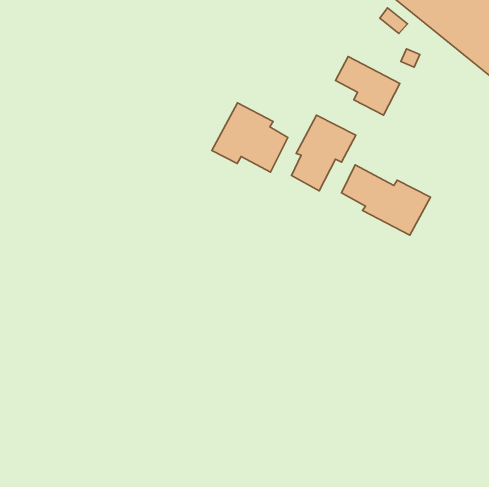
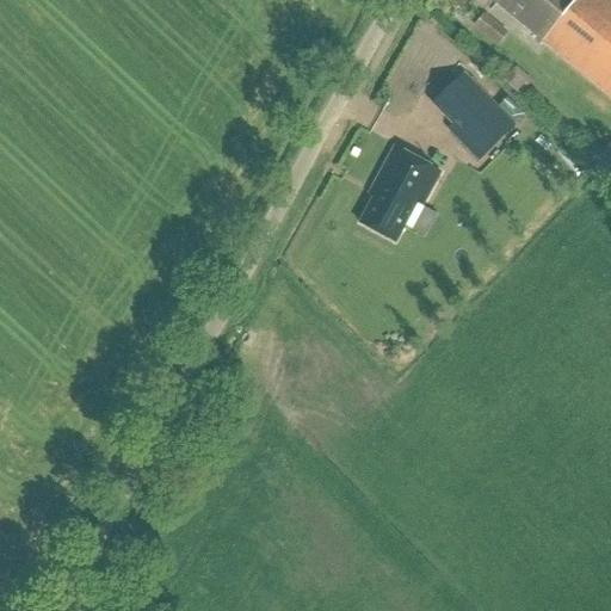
building: [212,103,288,172] -> none
building: [342,165,430,235] -> none

